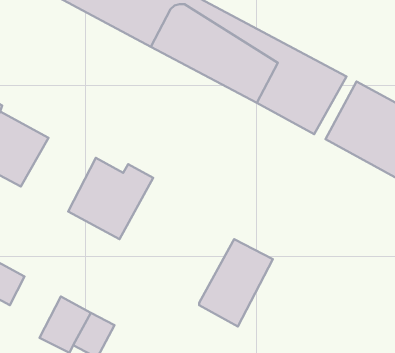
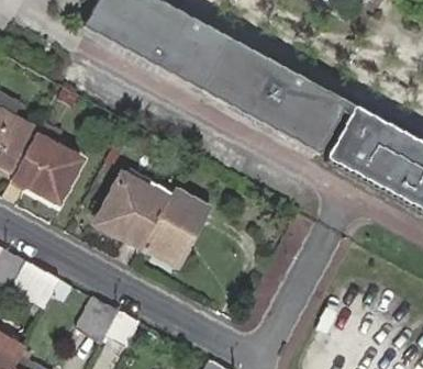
building: [199,239,273,327] -> [145,188,210,265]

